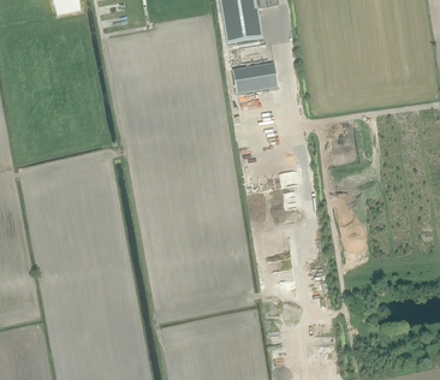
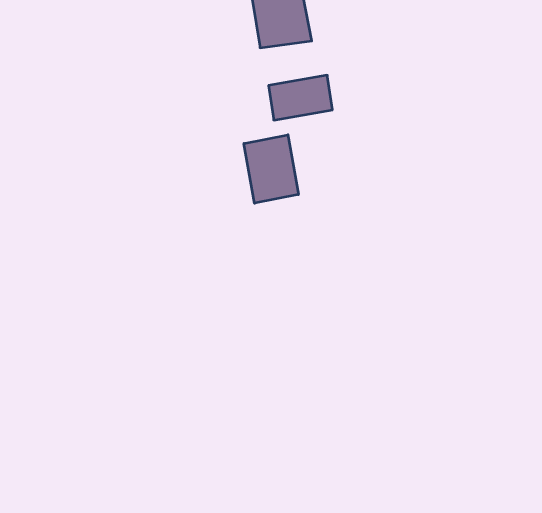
building: none -> [244,135,298,203]

